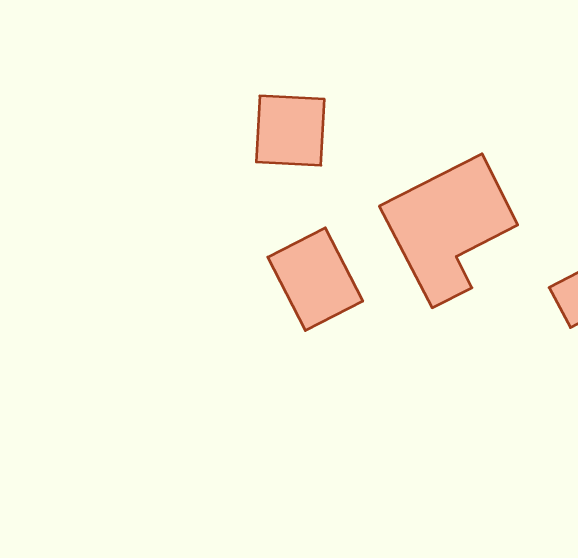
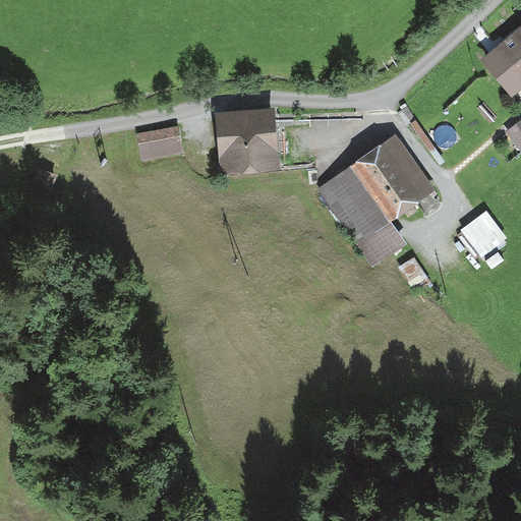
building: none -> [137,125,179,156]
building: [268,228,363,331] -> none

